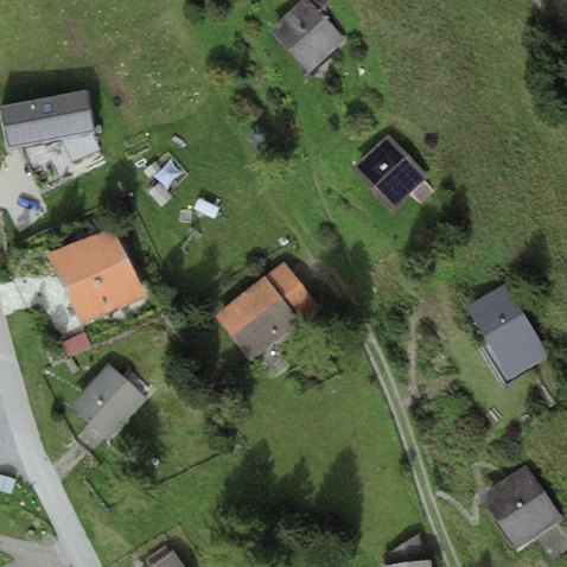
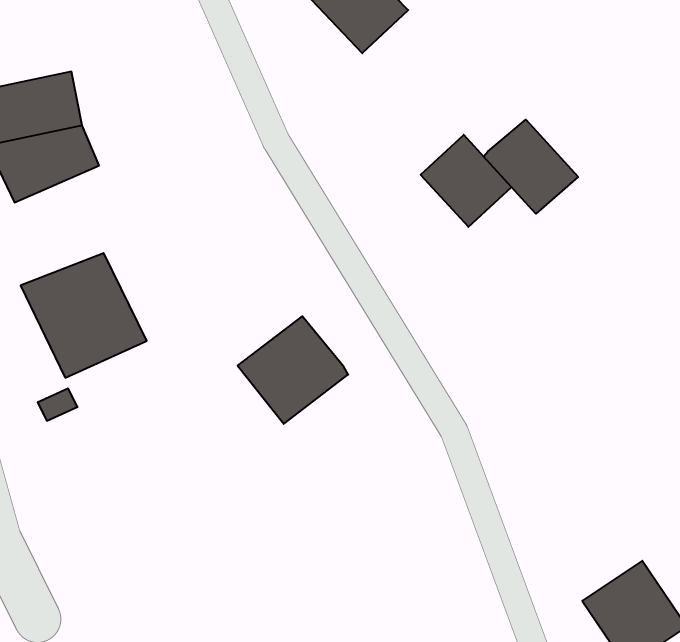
building: none -> [484,120,578,214]
building: [265,261,316,316] -> none
building: [465,284,547,377] -> none
building: [70,363,145,439] -> none

